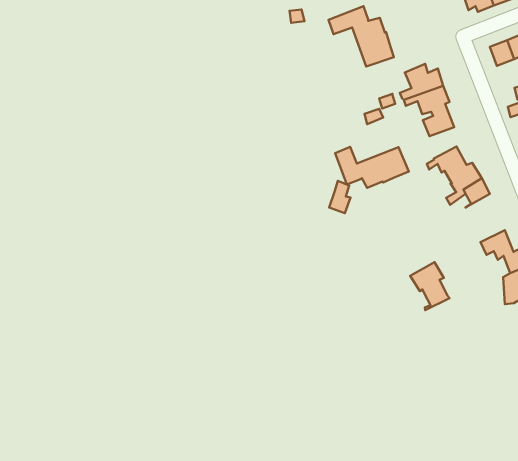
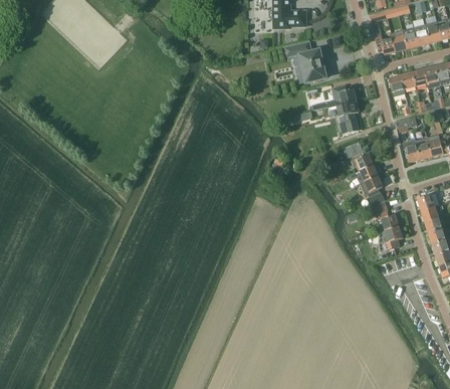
building: [335,147,409,188] -> none
building: [410,262,449,310] -> [360,176,384,207]

